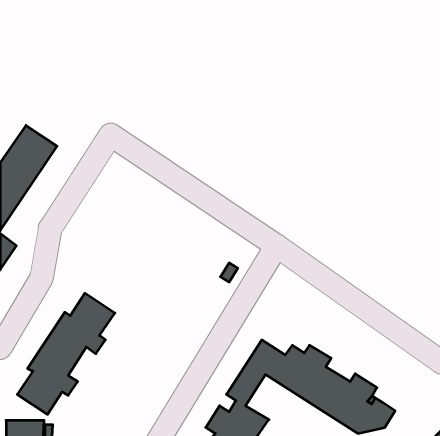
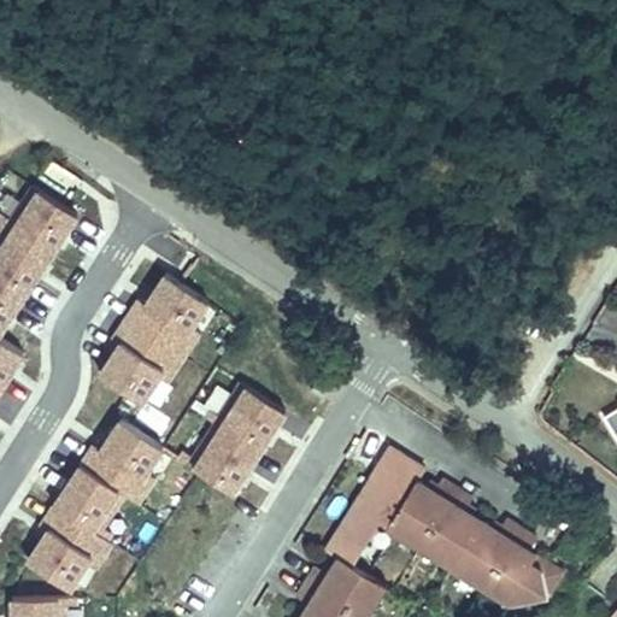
building: none -> [101,272,211,401]
building: none -> [189,383,288,494]
building: none -> [368,457,417,503]

